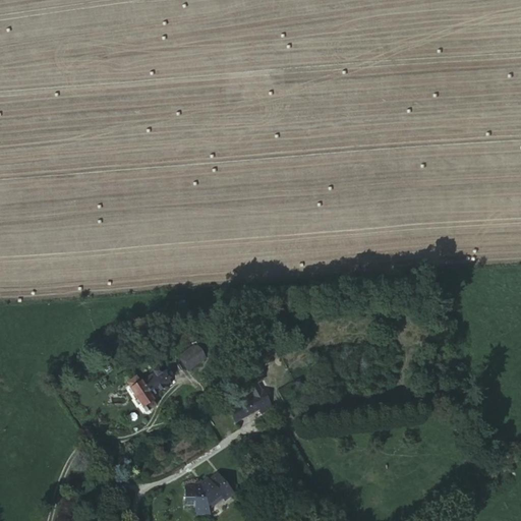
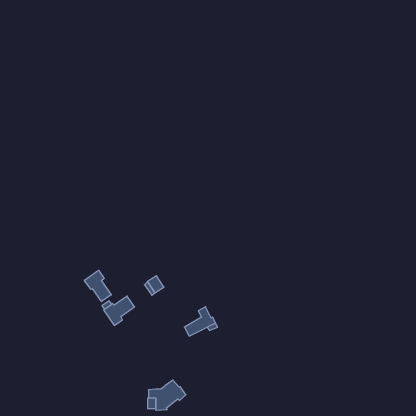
building: none -> [84,270,111,302]

